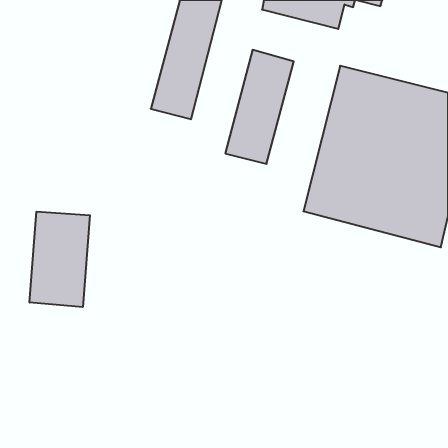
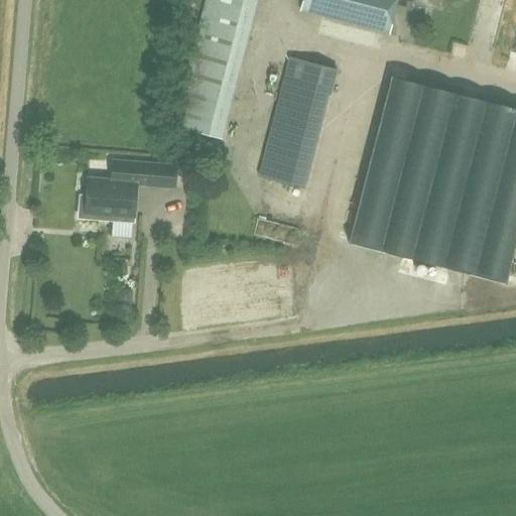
building: none -> [80,161,177,220]
building: [30,212,90,307] -> none

